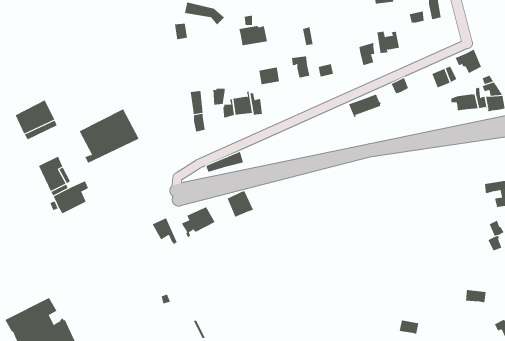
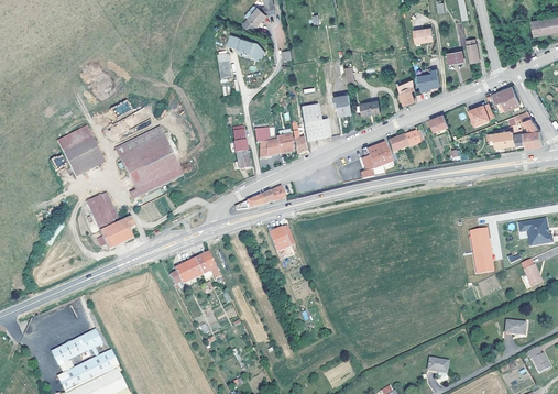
building: [239,26,268,46] -> [302,118,330,138]
building: none -> [113,123,167,166]
building: none -> [361,142,392,178]
building: none -> [472,229,499,276]
building: [181,207,216,238] -> [169,258,204,288]

